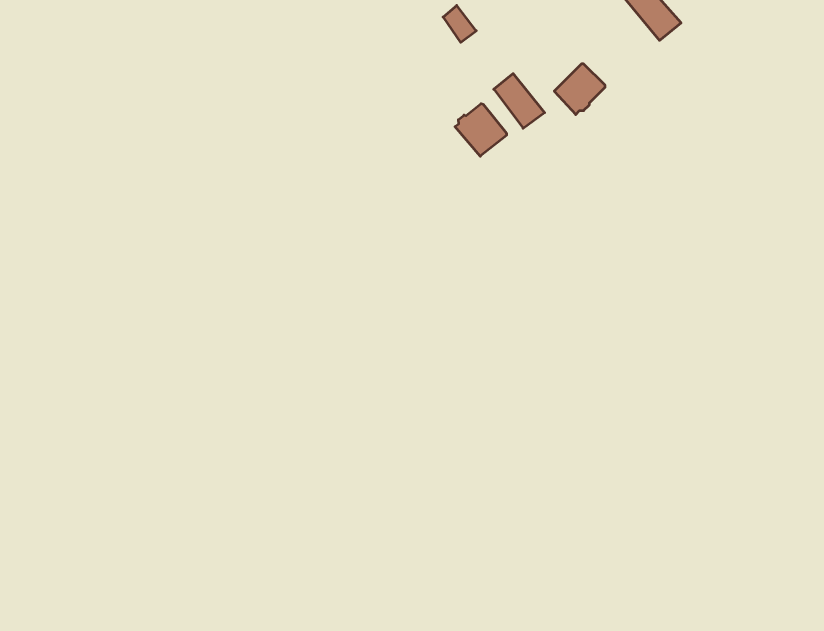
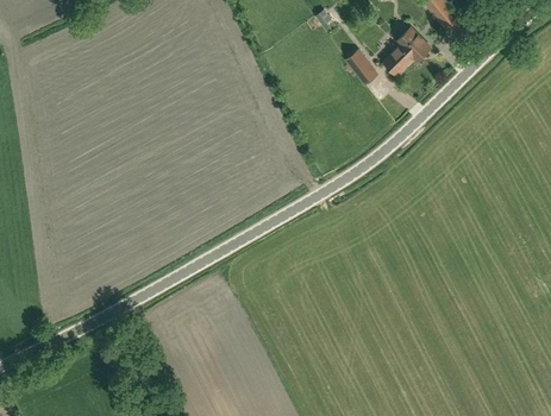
building: none -> [397,29,431,62]
building: [455,104,506,156] -> none

